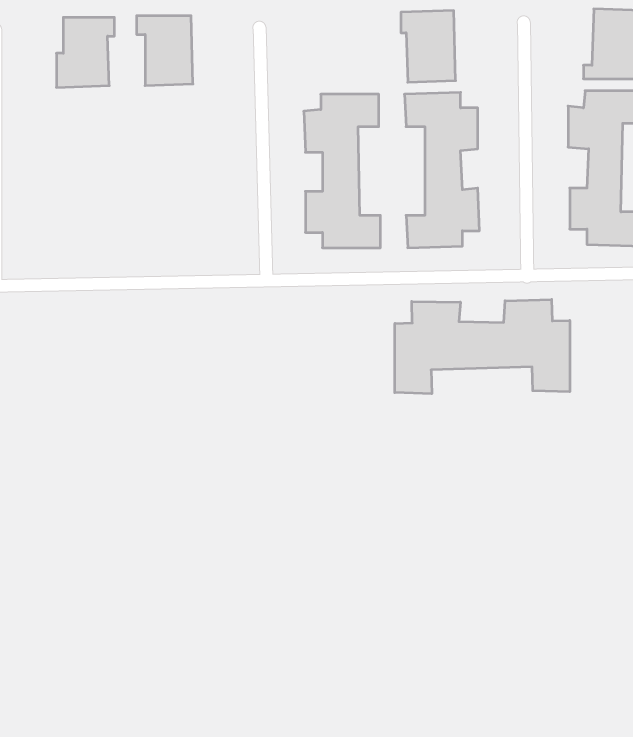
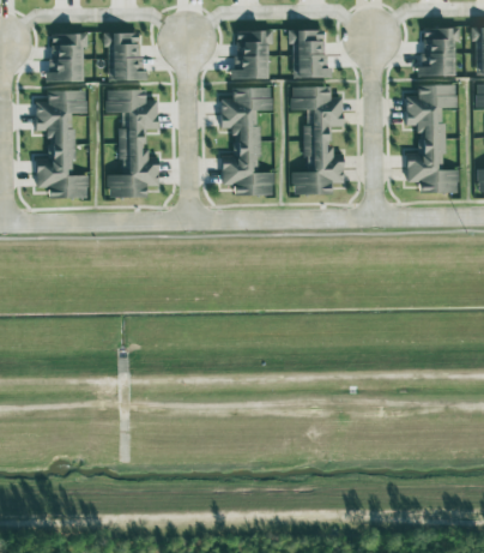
building: none -> [230,30,273,79]
building: none -> [105,89,159,198]
building: none -> [36,90,89,198]
building: [395,299,570,394] -> none

